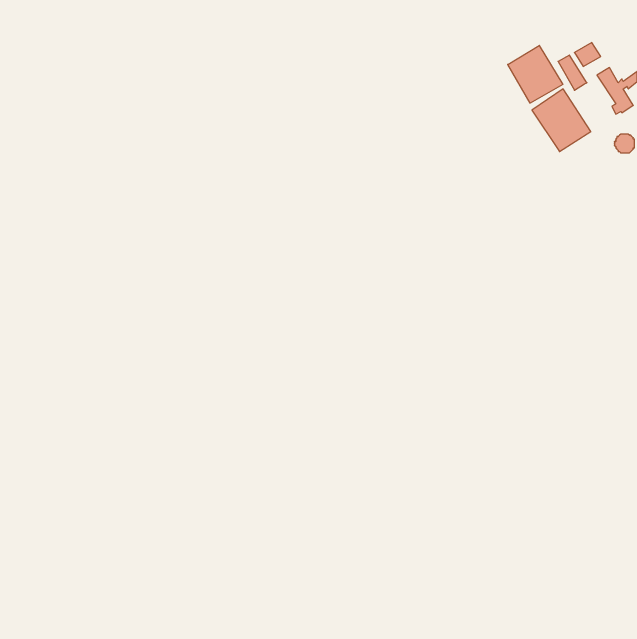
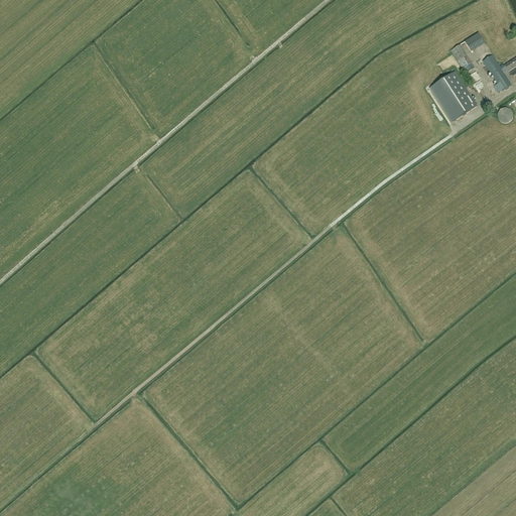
building: [508,45,563,103] -> none

